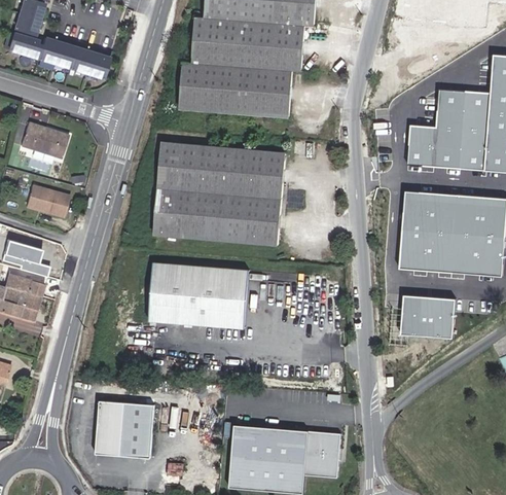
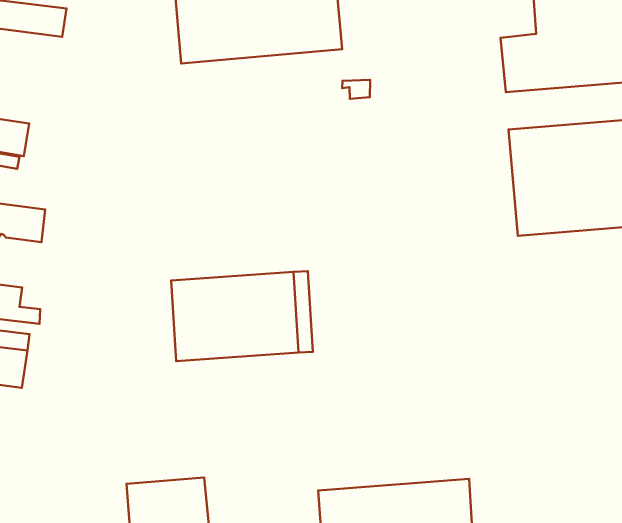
building: [153,141,285,244] -> none
building: [402,295,456,338] -> none

